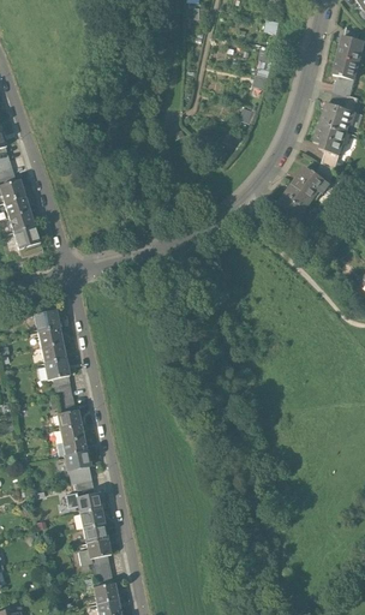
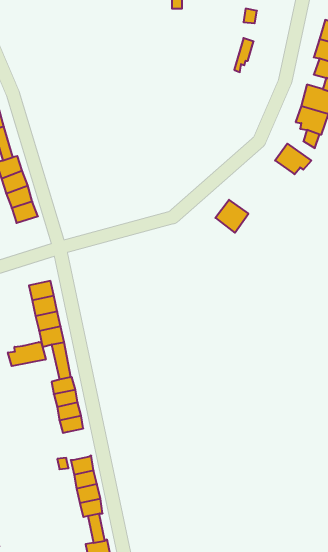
building: [277,180,312,215] -> [215,200,248,233]
building: none -> [8,342,46,366]
building: [72,464,95,497] -> none

